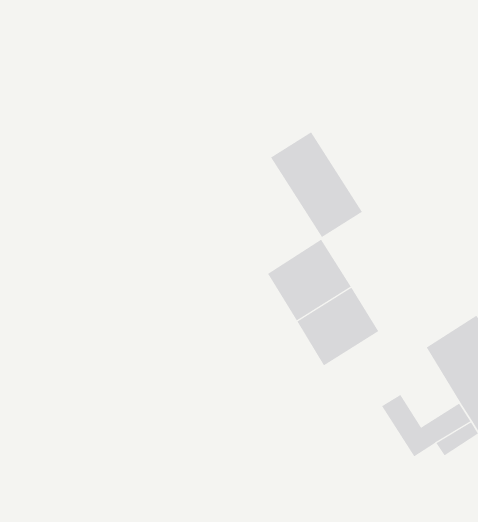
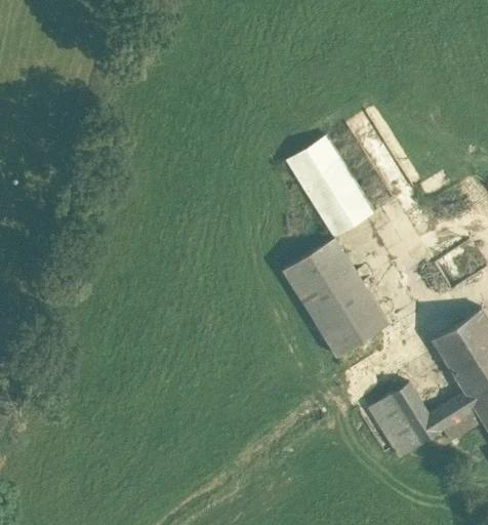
building: none -> [370,396,422,458]

